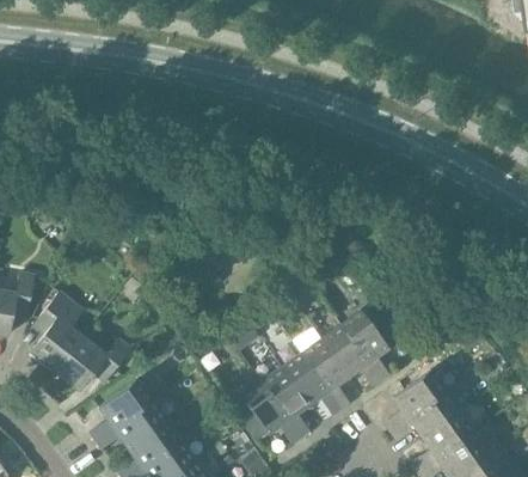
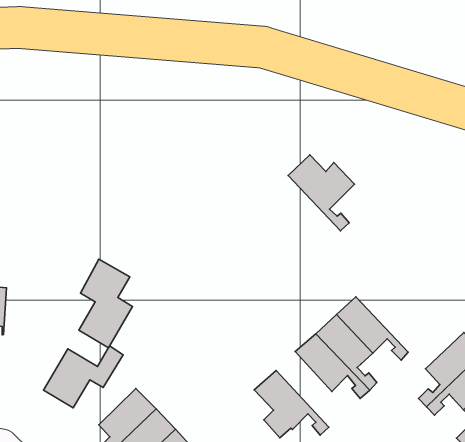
building: [31,292,82,371] -> [79,259,133,348]
building: [340,311,398,381] -> [288,155,355,231]
building: [262,367,311,438] -> none

